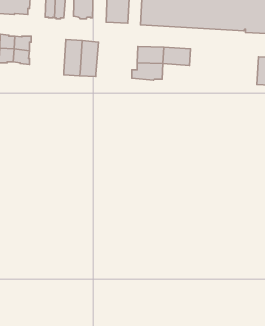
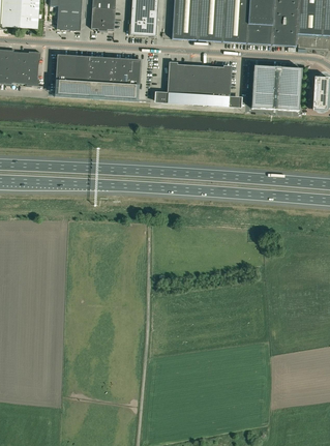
building: none -> [55,54,82,97]
building: none -> [118,58,141,100]
building: none -> [251,65,300,108]
building: none -> [198,84,235,107]

